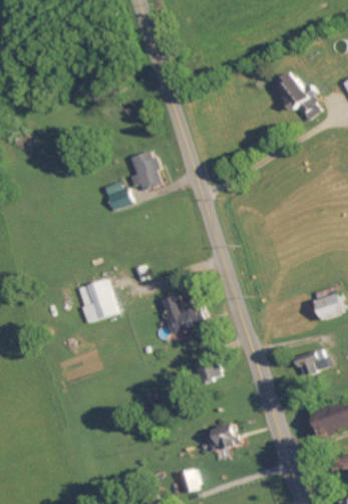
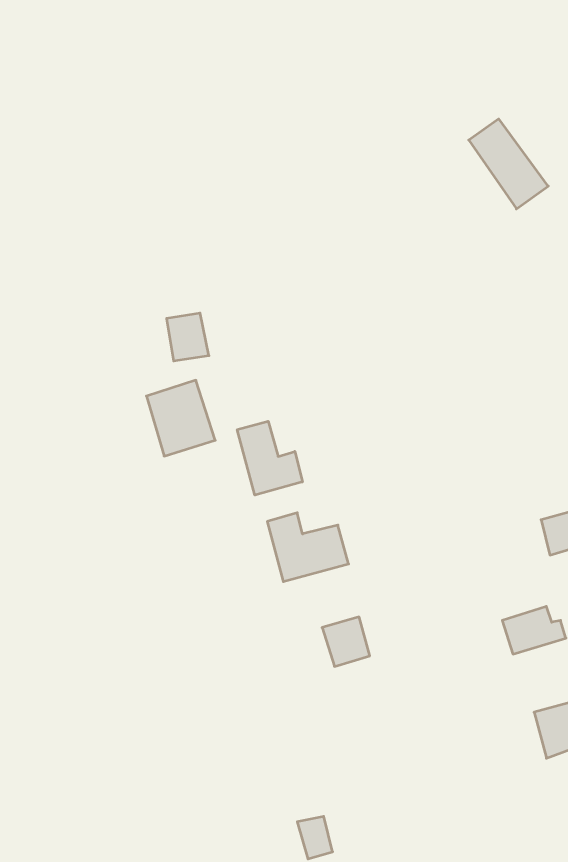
building: [130,152,160,190] -> none
building: none -> [237,421,302,495]
building: [77,279,116,322] -> [146,380,215,456]
building: [207,425,242,452] -> none

